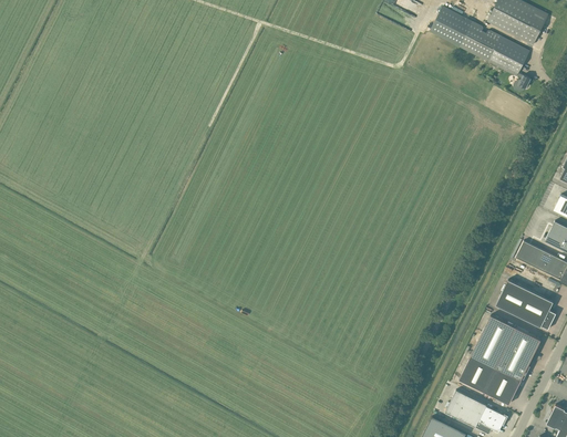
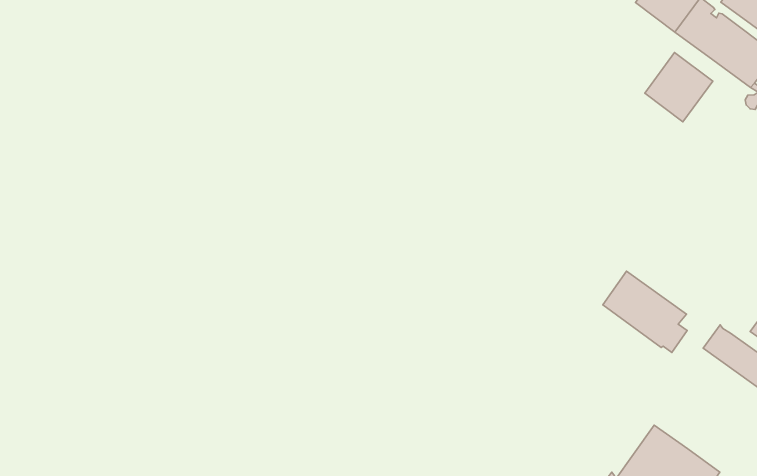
building: none -> [645,53,713,122]
building: [496,280,556,330] -> [603,271,687,353]

